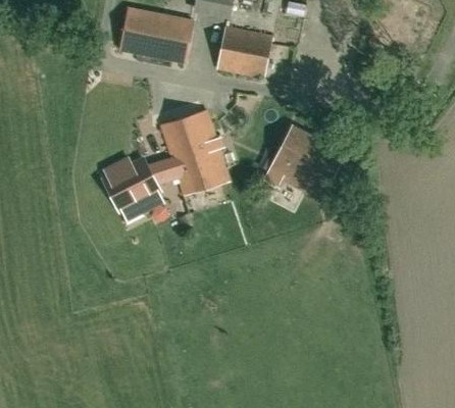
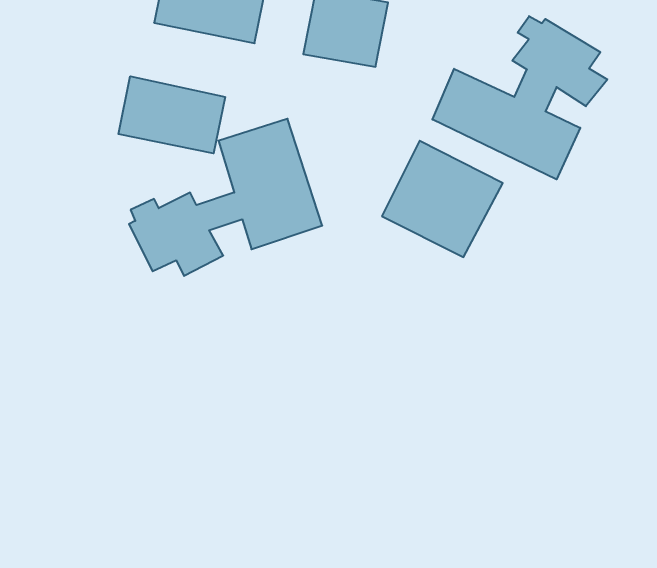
building: none -> [432,16,607,179]
building: none -> [118,76,225,153]

